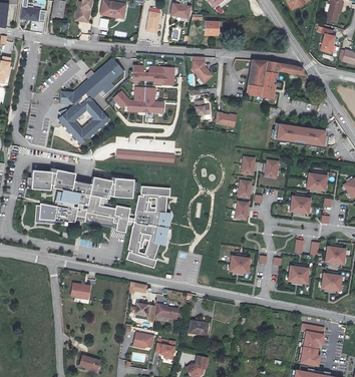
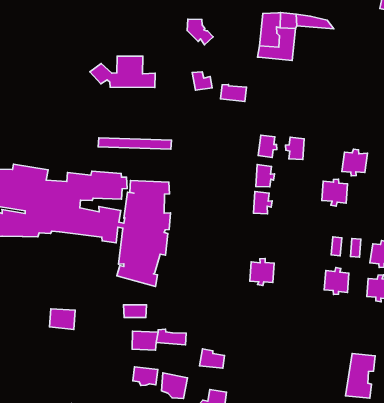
building: [58,58,122,144] -> none
building: [133,64,174,84] -> none
building: [272,123,328,146] -> none

